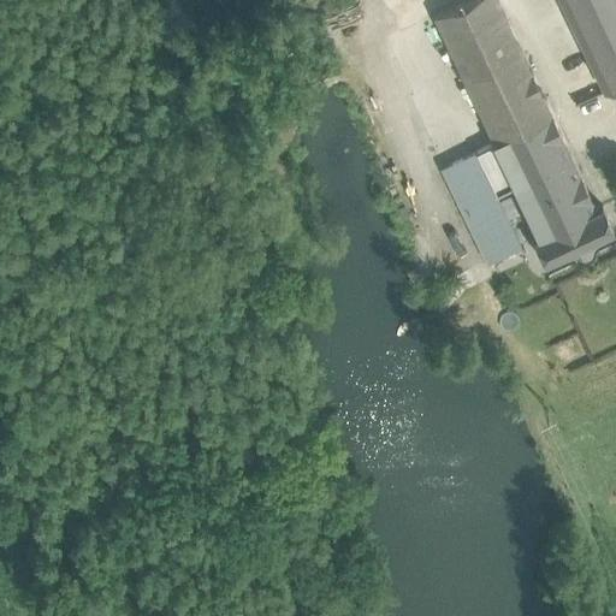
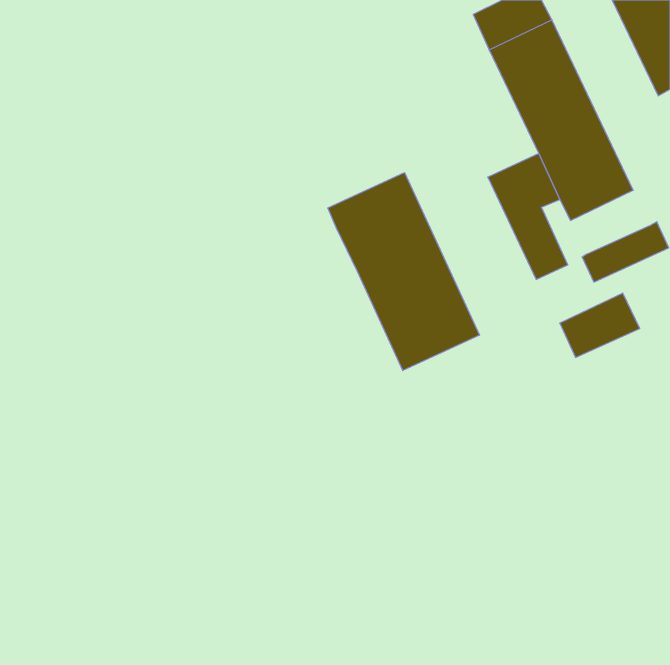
building: none -> [328,173,479,371]
building: [523,179,597,238] -> [560,293,640,357]

